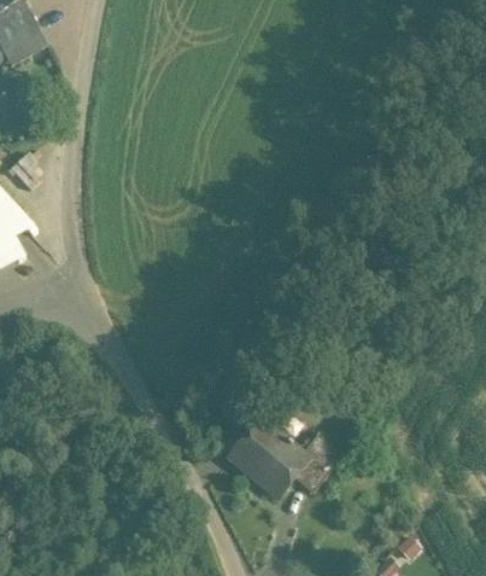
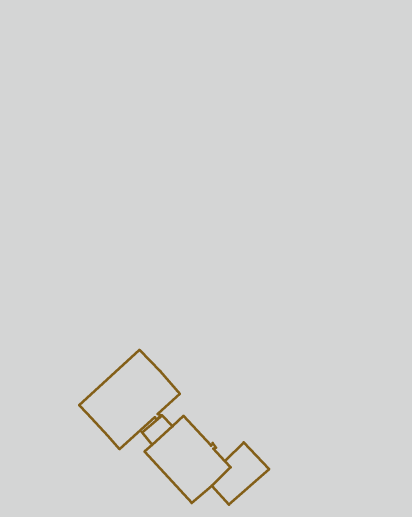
building: none -> [79,350,180,449]

